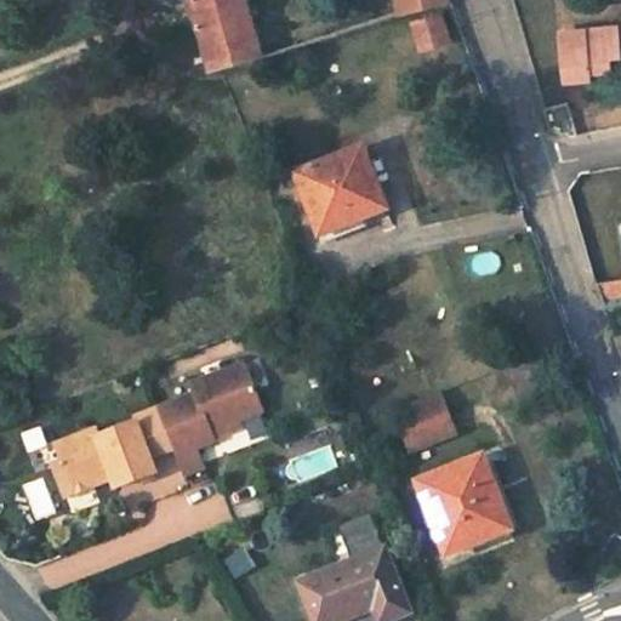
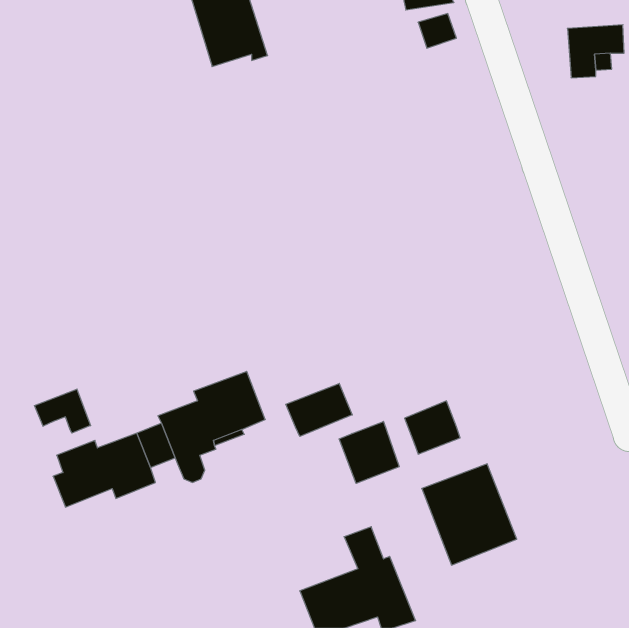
building: [294,147,384,234] -> none
building: none -> [286,383,352,436]
building: none -> [34,389,91,433]
building: none -> [339,421,399,483]

